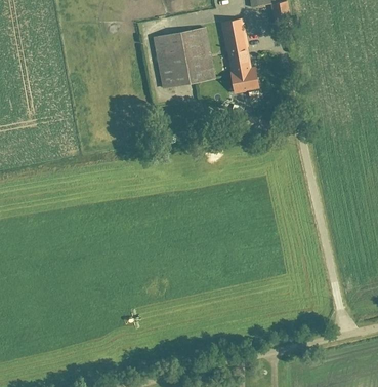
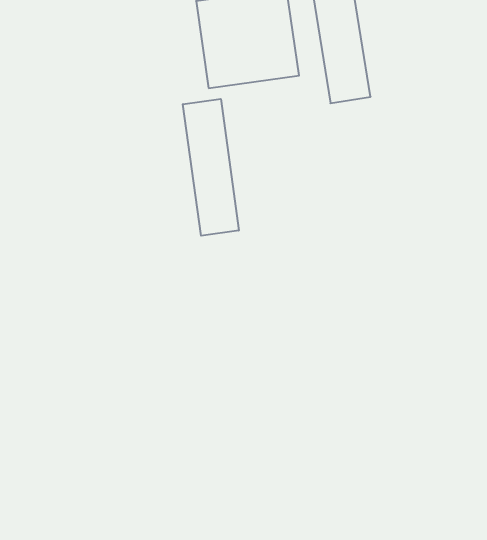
building: none -> [183,99,239,236]

